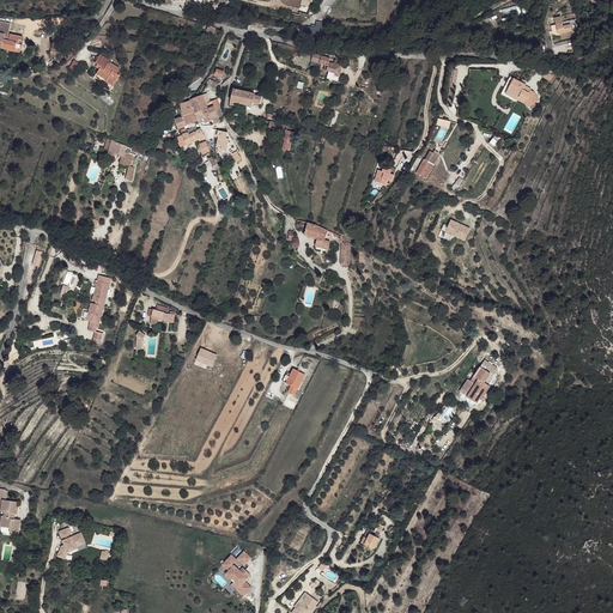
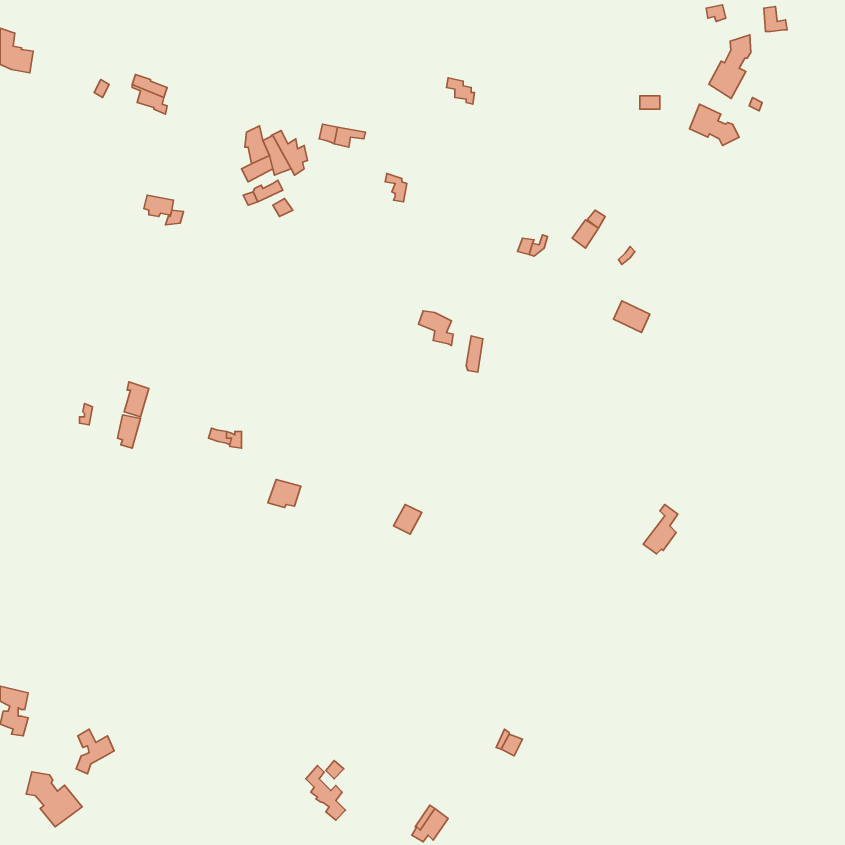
building: none -> [709,35,751,99]
building: none -> [26,772,82,827]

